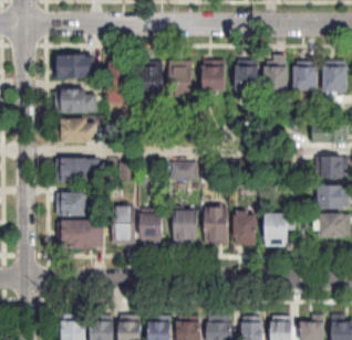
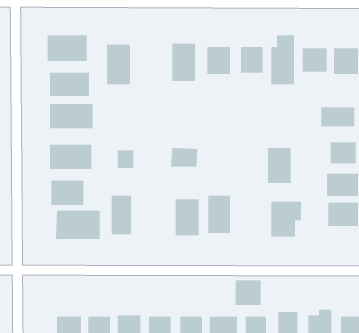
building: [142,63,162,102] -> none
building: [232,211,256,245] -> [267,147,292,183]
building: [138,213,163,242] -> none
building: none -> [235,280,261,306]

